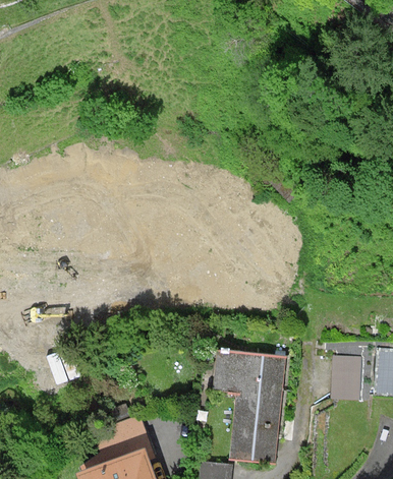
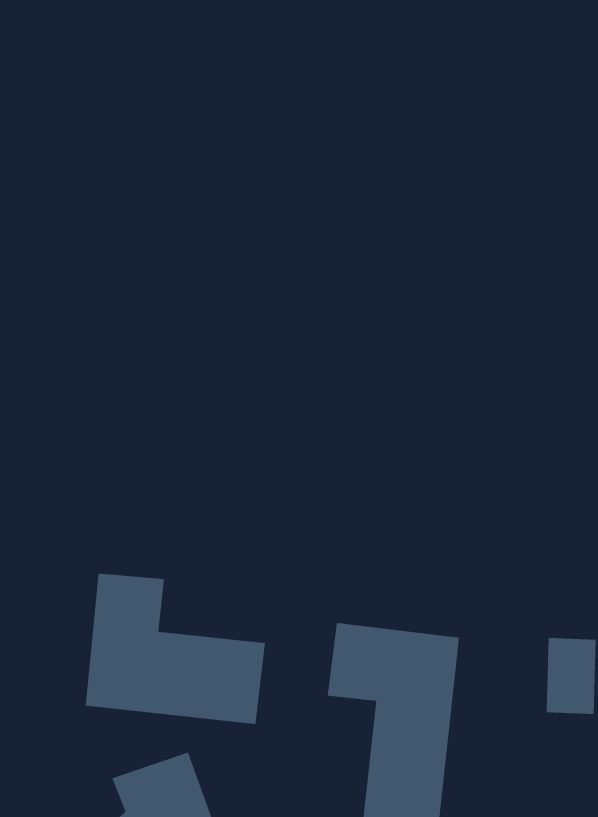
building: none -> [85,573,266,725]

